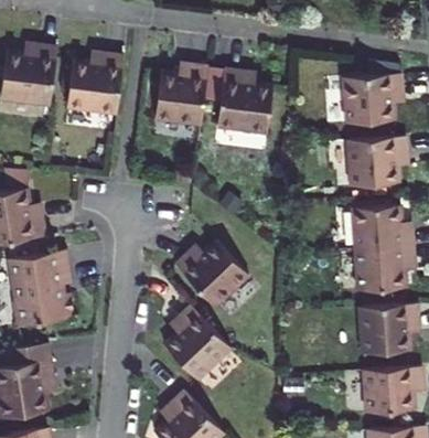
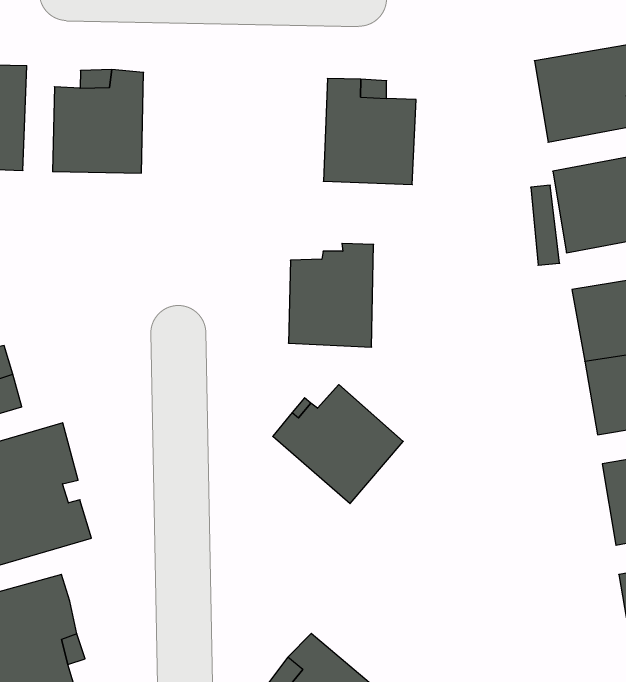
building: [155,71,208,130] -> [288,243,374,347]
building: [163,312,230,386] -> none

